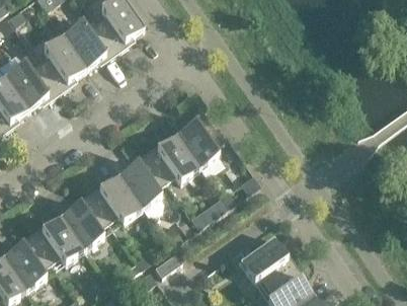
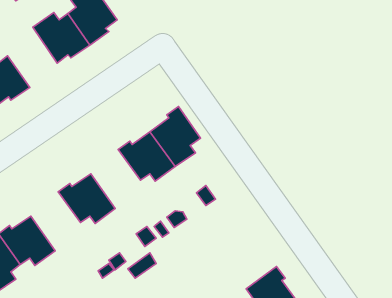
building: [36,35,84,93] -> none
building: [116,153,166,219] -> none
building: [59,194,106,250] -> none
building: [238,238,295,287] -> none

